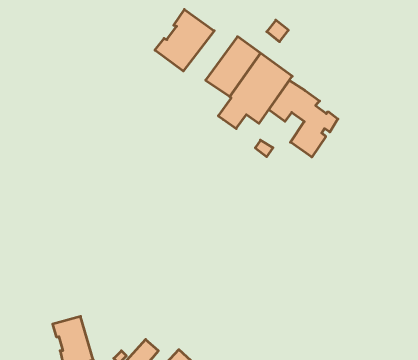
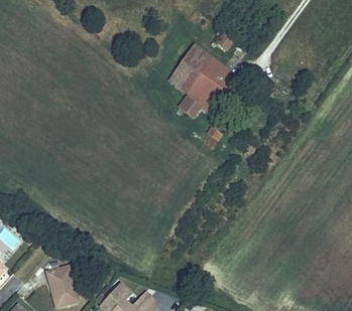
building: [155,9,214,71] -> none
building: [269,80,338,157] -> none

